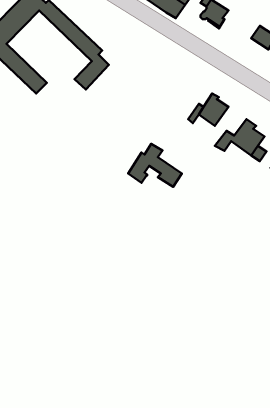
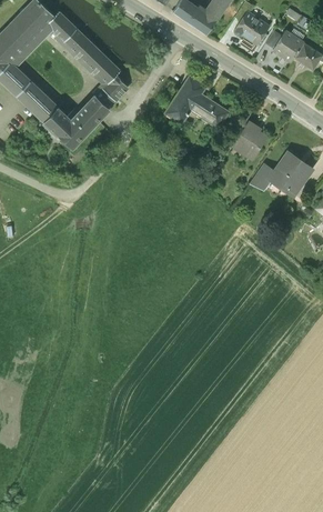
building: none -> [272,30,303,61]
building: none -> [43,104,101,148]
building: [128,144,182,187] -> [165,78,228,128]

